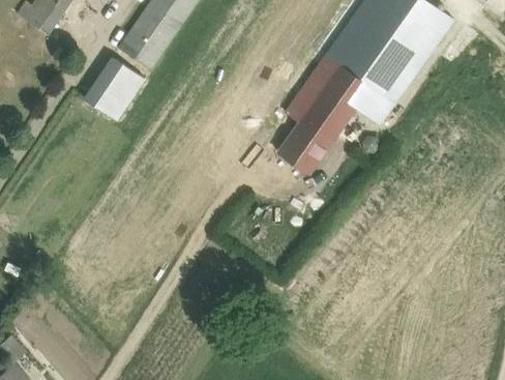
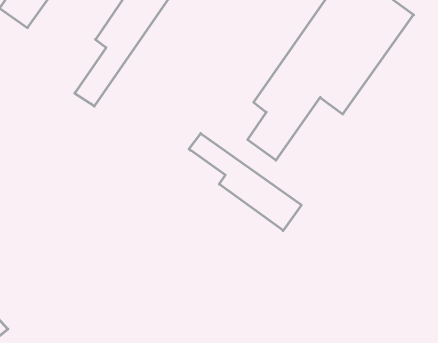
building: none -> [189,133,301,231]

